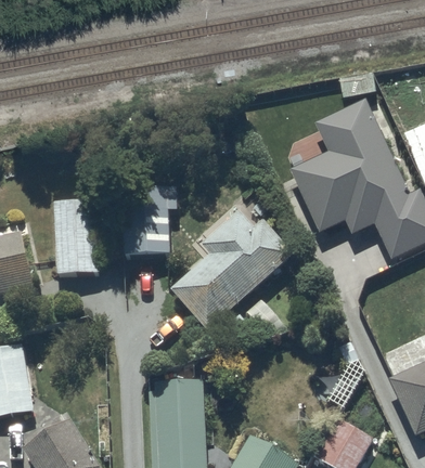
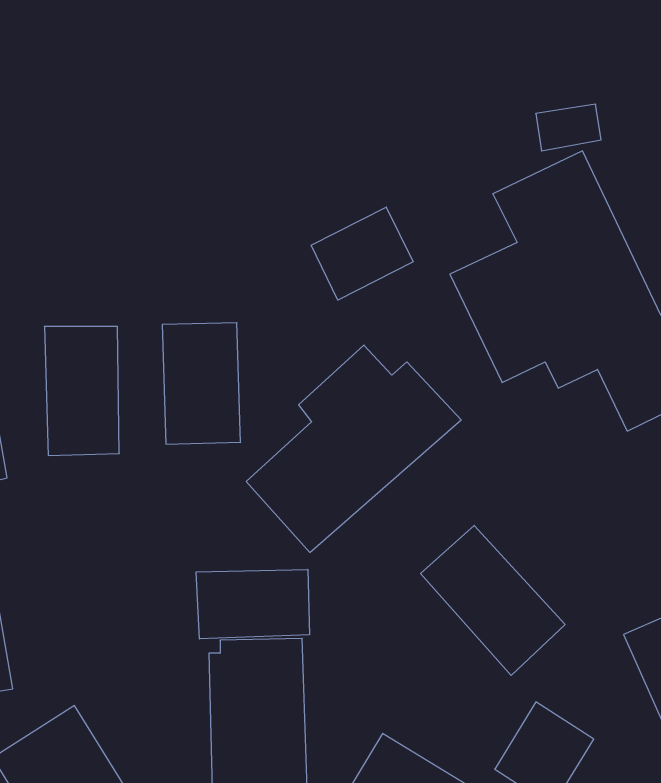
building: none -> [311,207,413,300]
building: none -> [421,525,565,675]
building: none -> [196,569,309,639]

